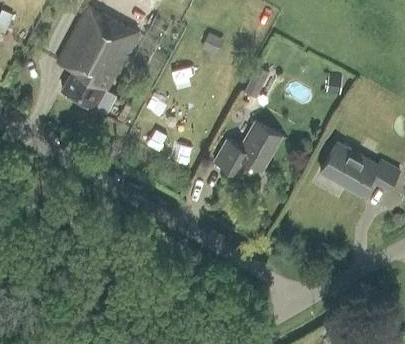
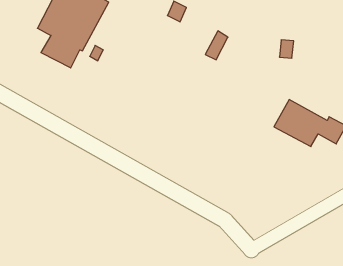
building: [213,120,281,177] -> none

